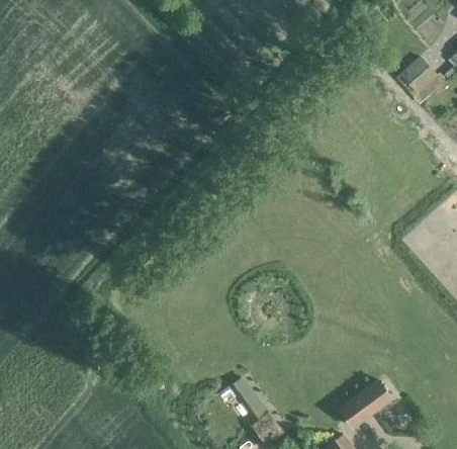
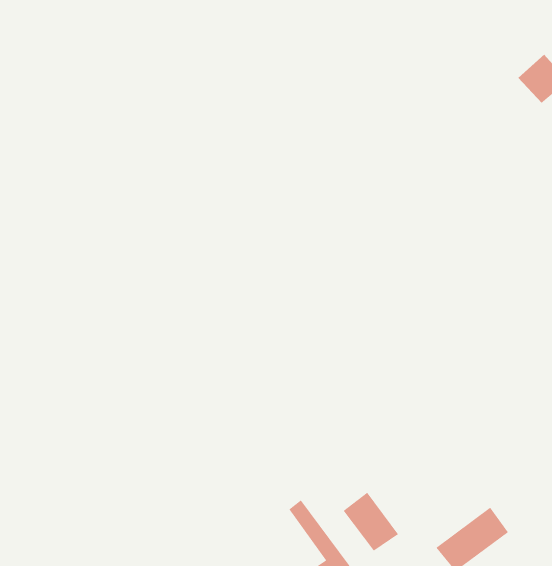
building: none -> [343,492,399,552]

